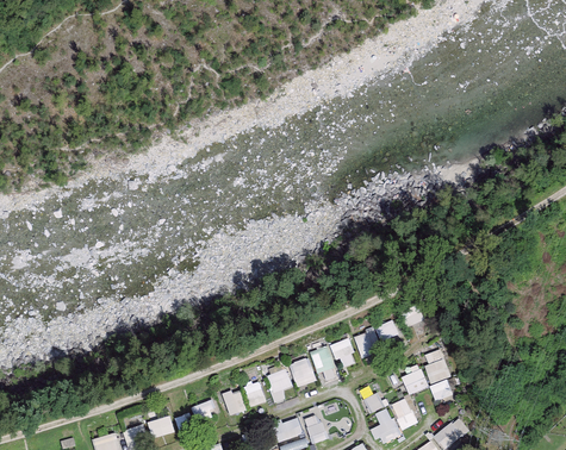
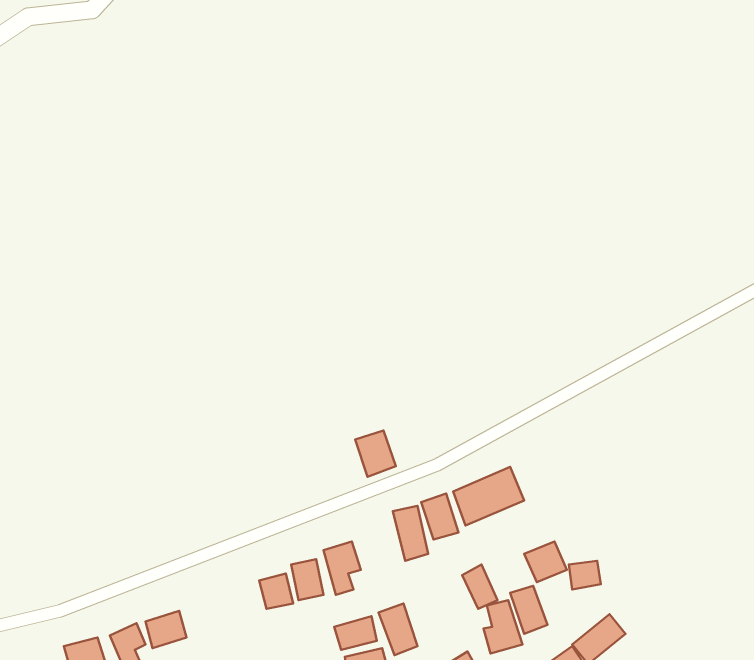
building: [422,348,452,383] -> none
building: [290,356,317,387] -> [355,430,396,477]

